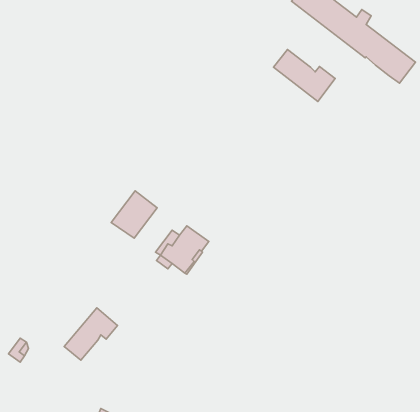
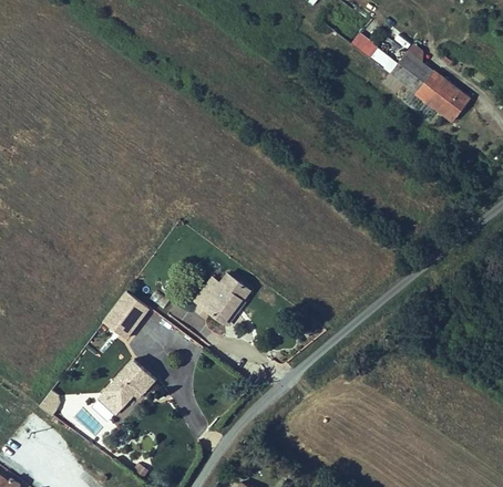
building: [273,50,335,102] -> none
building: [111,191,157,238] -> [103,290,152,340]

